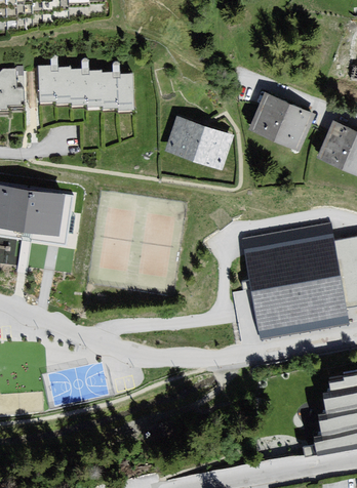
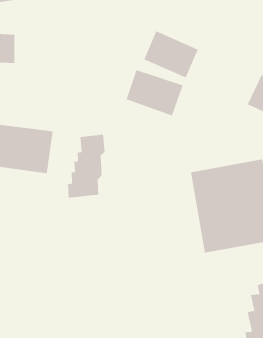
building: [36,65,136,113] -> none
building: [245,92,313,151] -> [143,30,199,78]
building: none -> [67,134,105,198]

